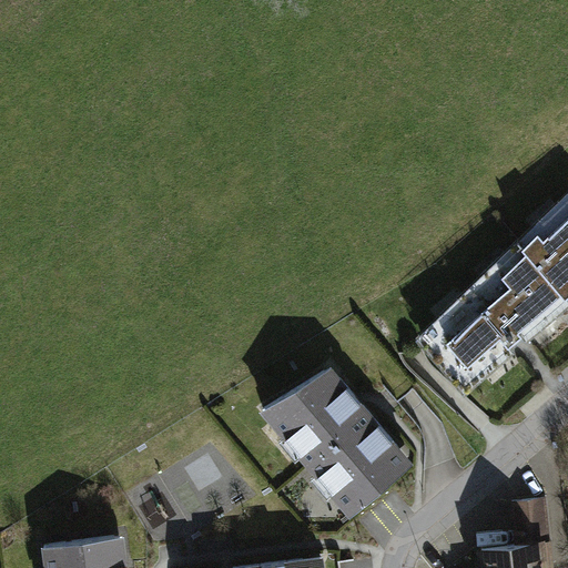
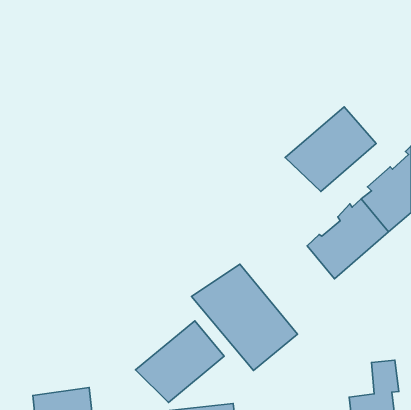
building: none -> [285,107,376,191]
building: none -> [135,321,224,402]

